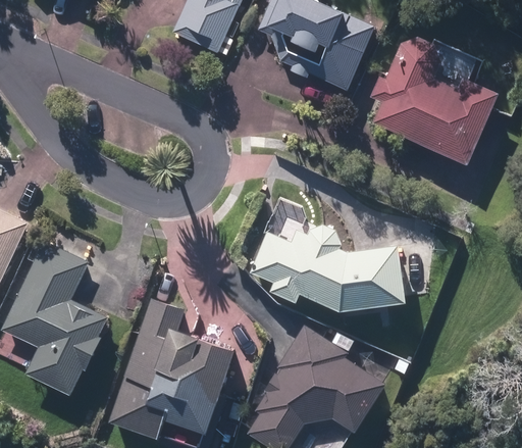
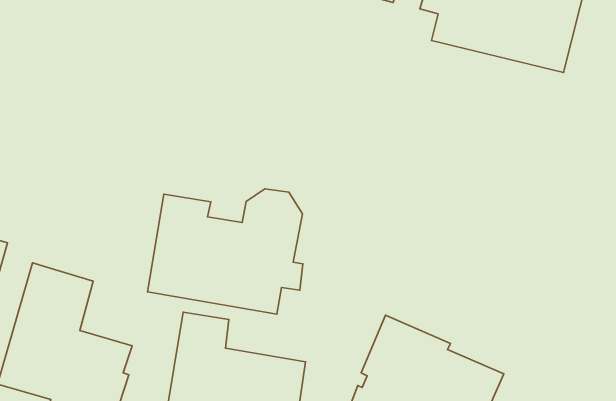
building: none -> [148,189,303,314]
building: [249,227,406,313] -> none

